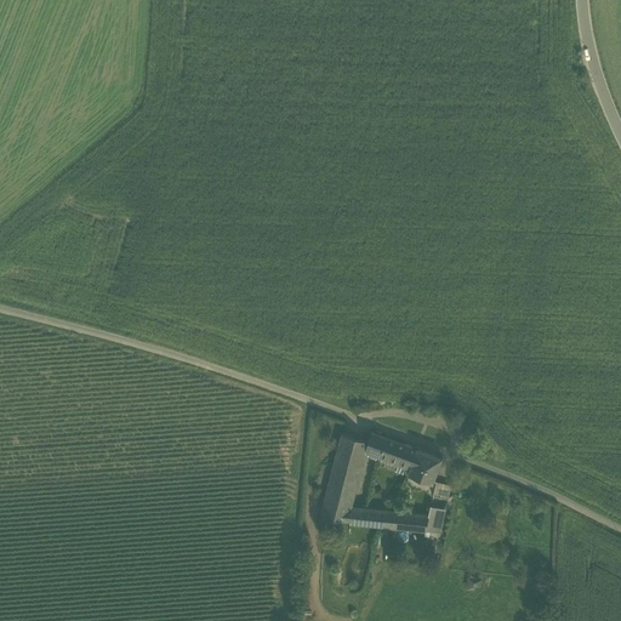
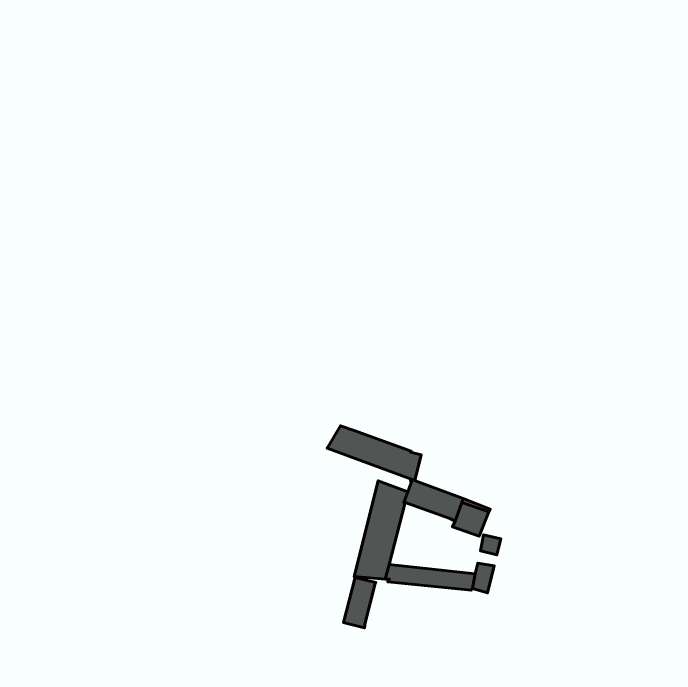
building: none -> [327,426,421,481]
building: none -> [344,577,376,628]

